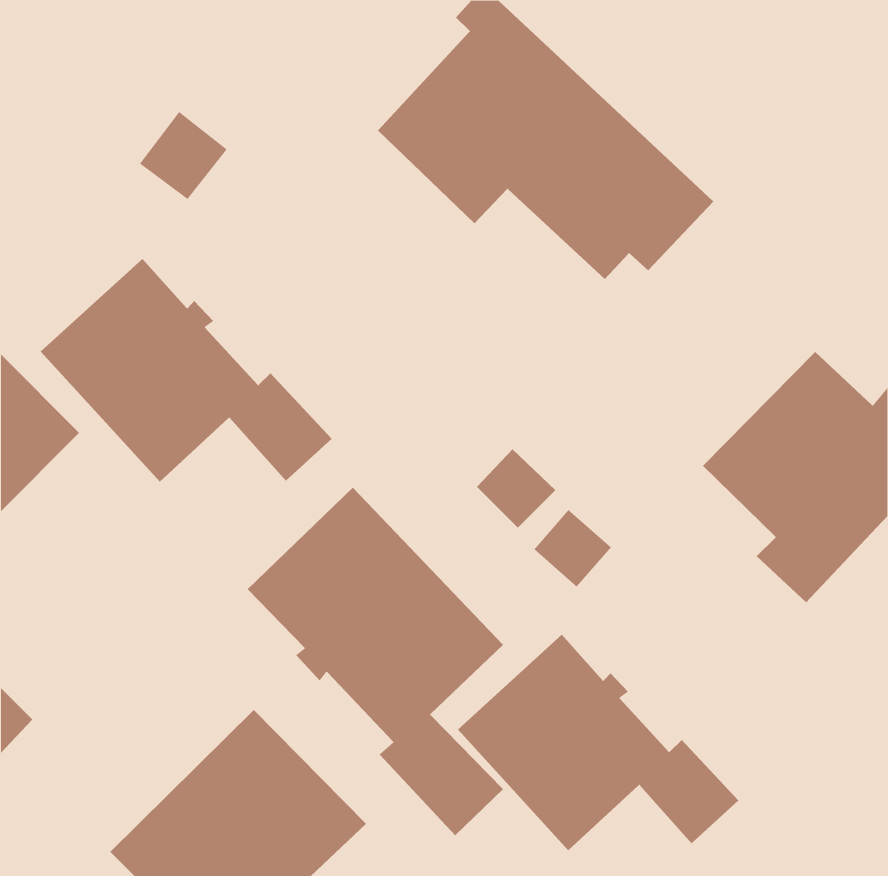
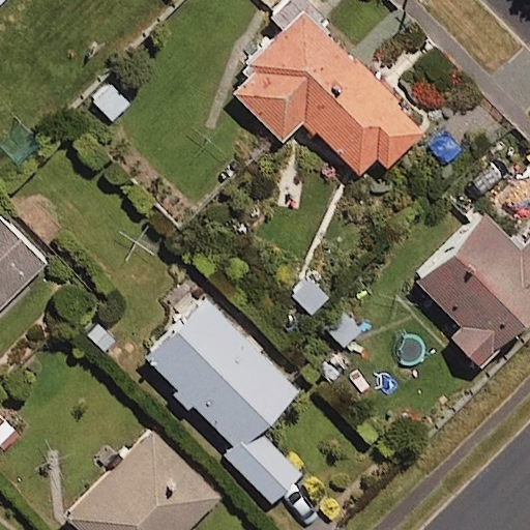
building: [40,258,333,482] -> none
building: [457,634,739,851] -> none

